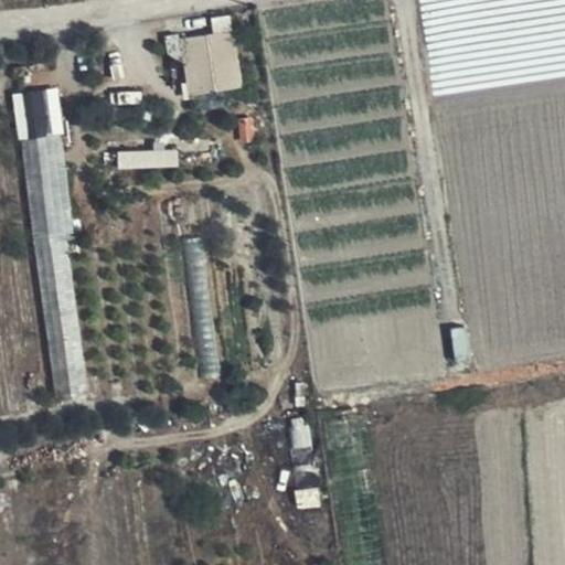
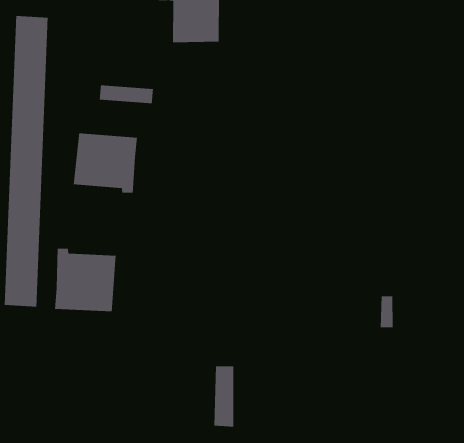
building: none -> [73,133,138,194]
building: none -> [54,248,117,312]

